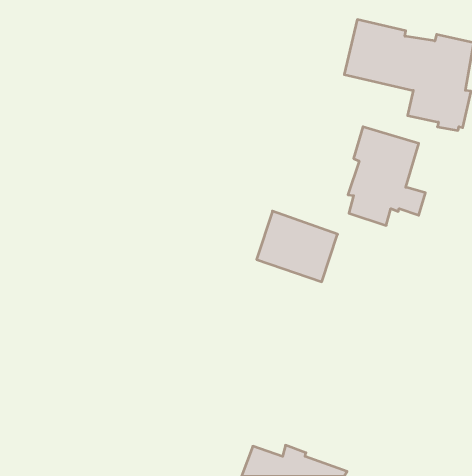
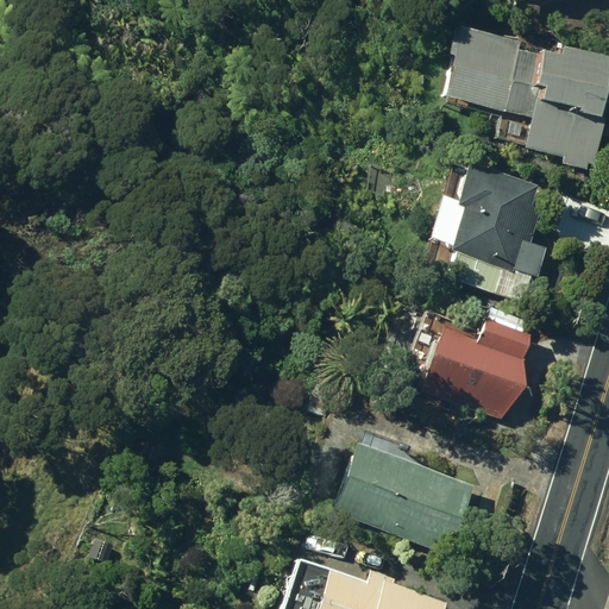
building: [257,211,338,282] -> [422,326,526,416]
building: none -> [331,442,475,553]

